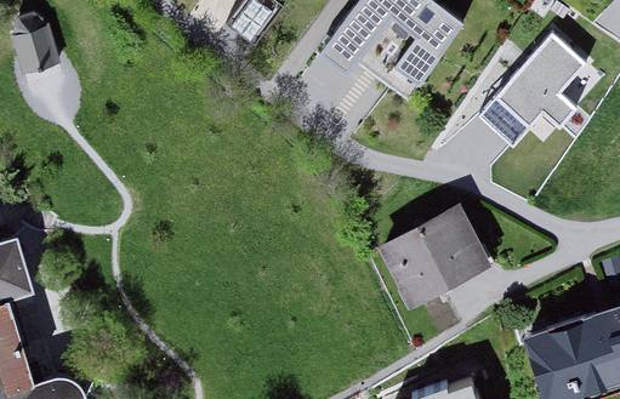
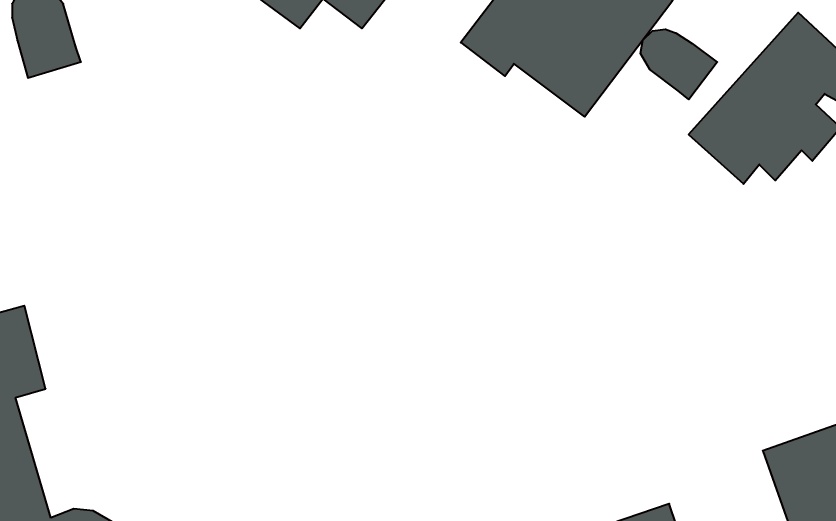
building: none -> [641,29,717,99]
building: [379,204,495,313] -> none

